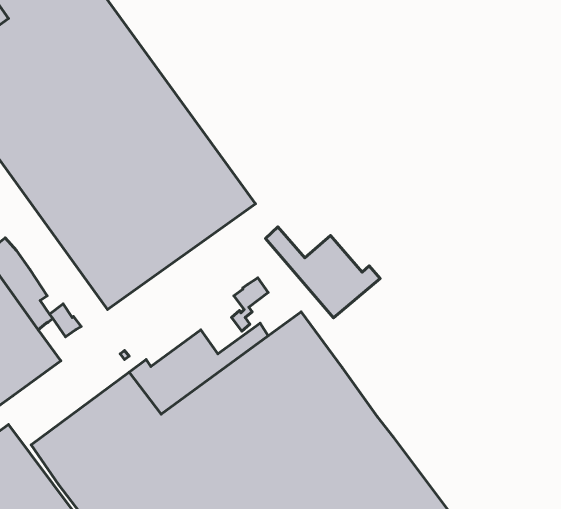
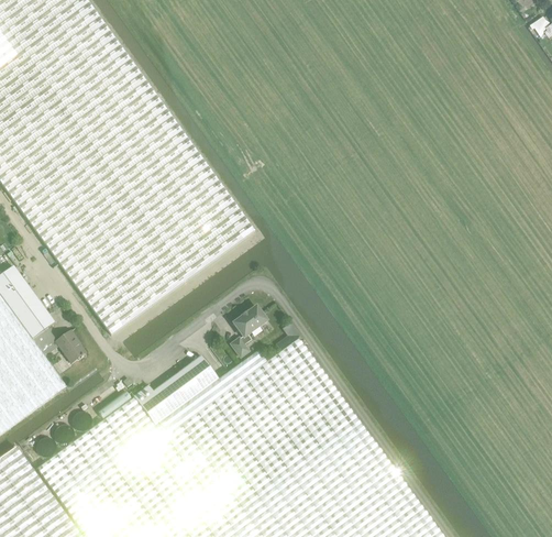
building: [265,227,380,318] -> none

